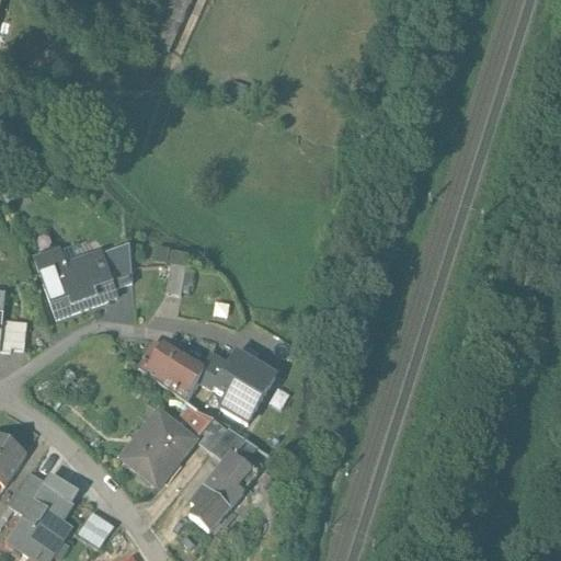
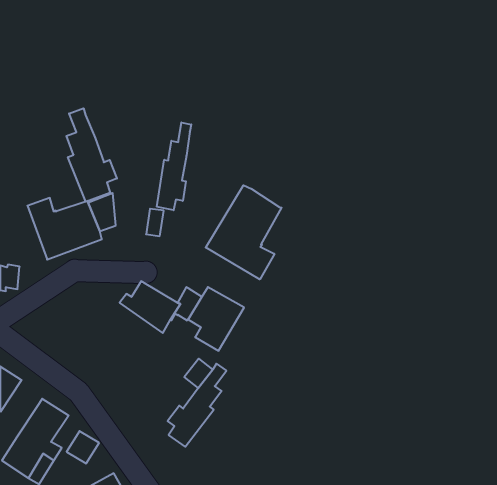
building: none -> [66,108,117,202]
building: none -> [157,122,191,210]
building: none -> [206,185,282,279]
building: [122,403,197,477] -> none
building: [10,462,46,505] -> none

